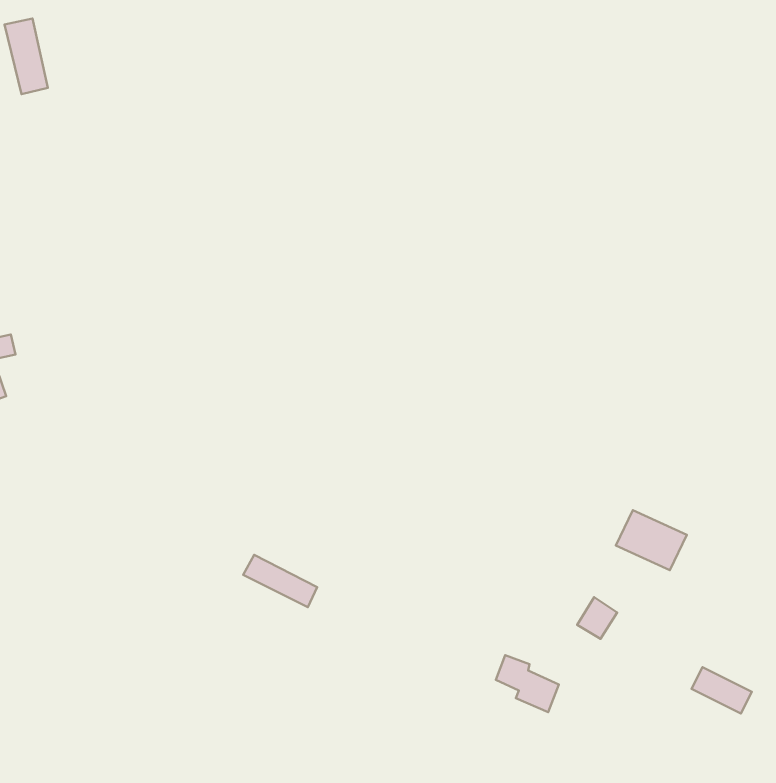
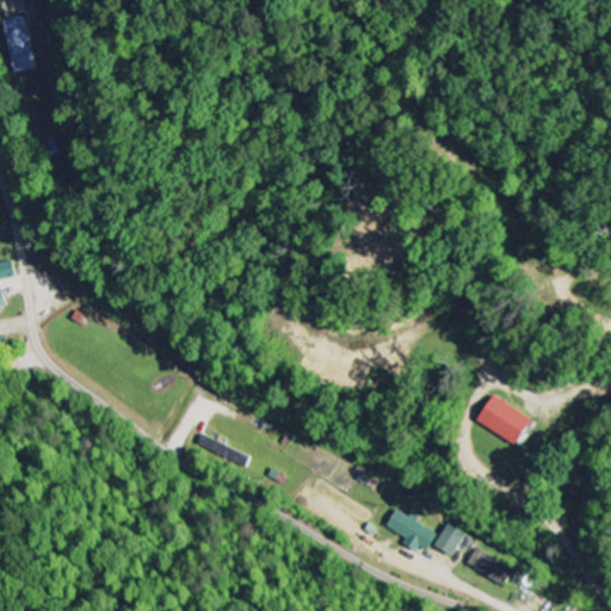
building: [577,597,617,639] -> [431,521,462,554]
building: [692,667,752,714] -> [463,547,510,582]

